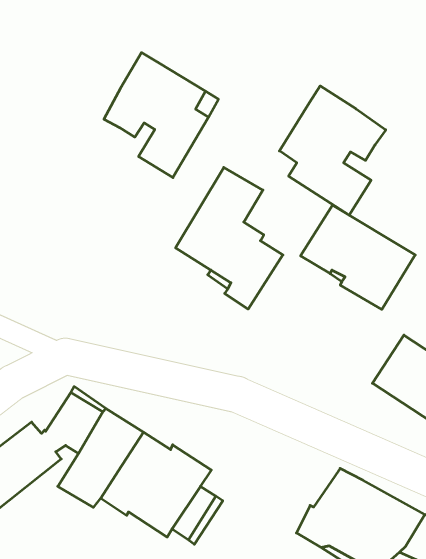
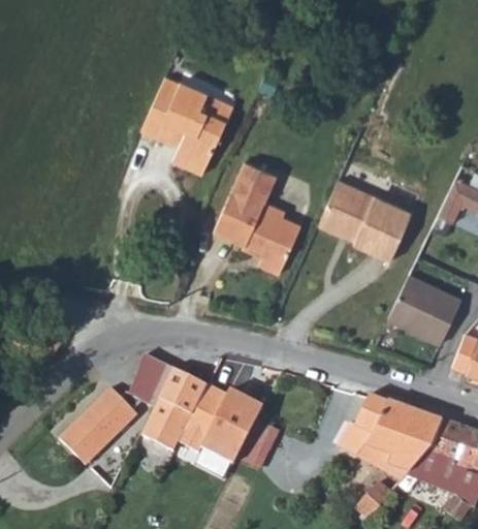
building: [279,86,386,215] -> none

